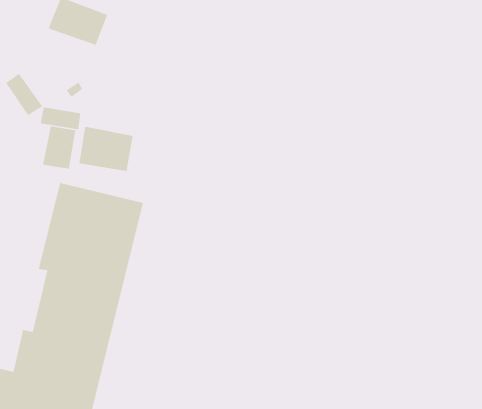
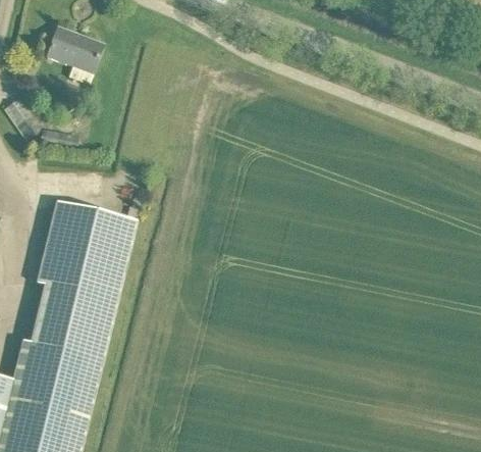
building: [42,125,76,169] -> none
building: [79,126,133,172] -> none

